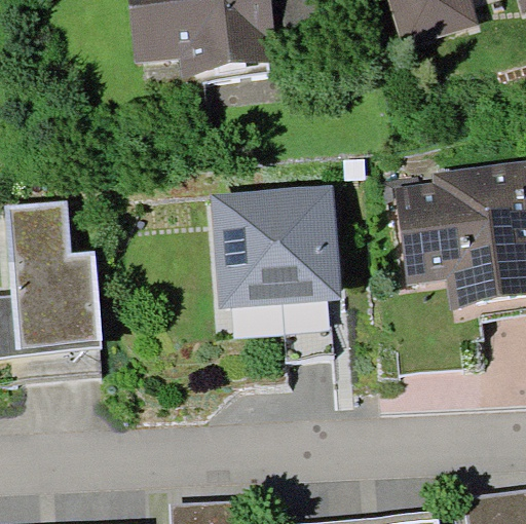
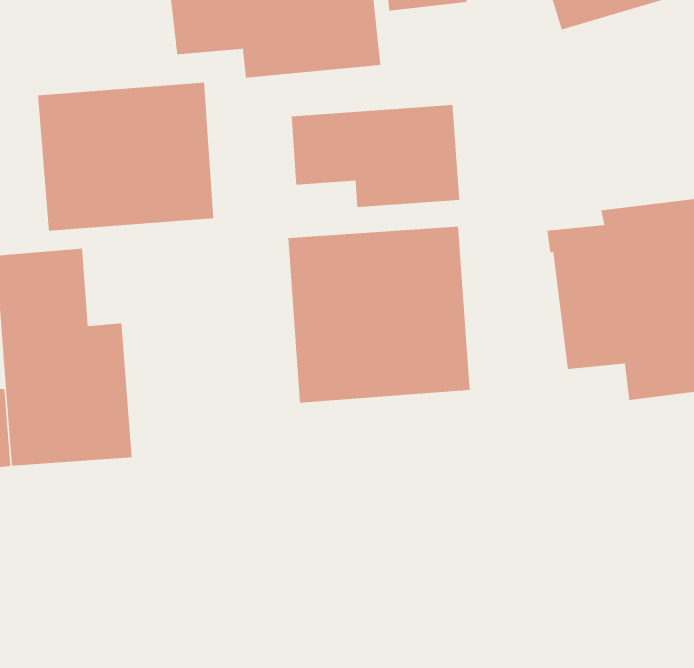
building: none -> [38,82,214,231]
building: none -> [291,104,460,208]

